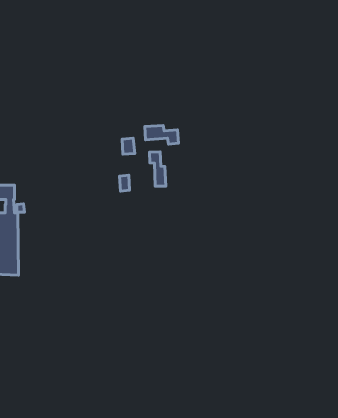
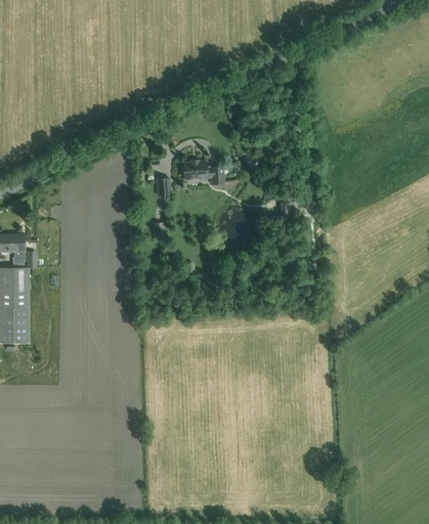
building: [150,152,166,186] -> none

